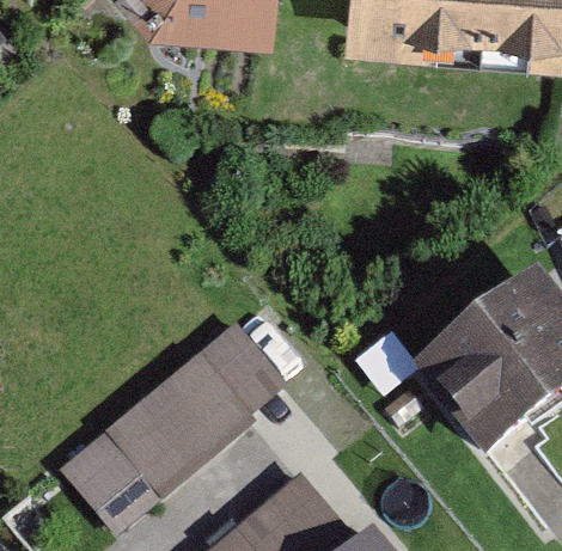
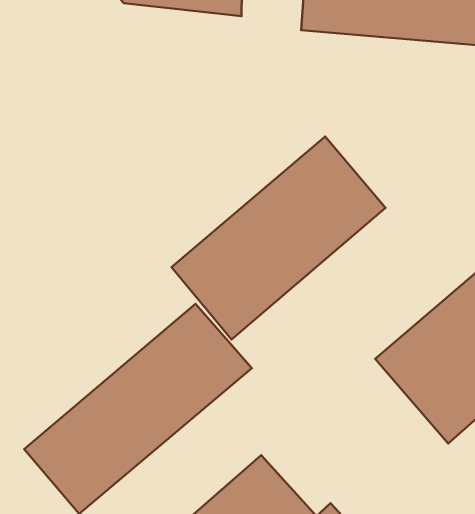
building: none -> [171,137,385,340]

